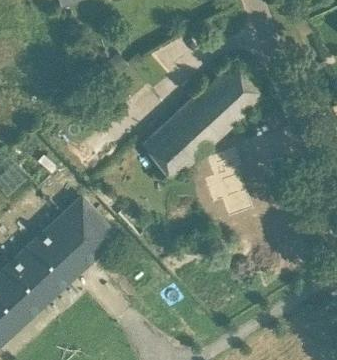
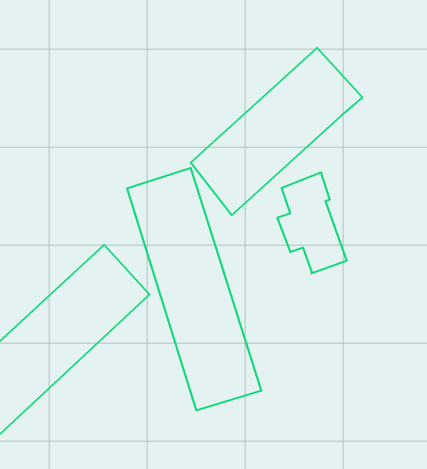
building: none -> [127,168,261,410]

